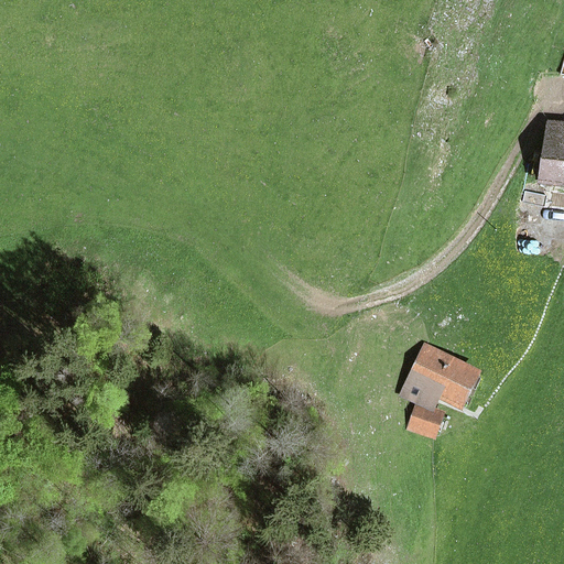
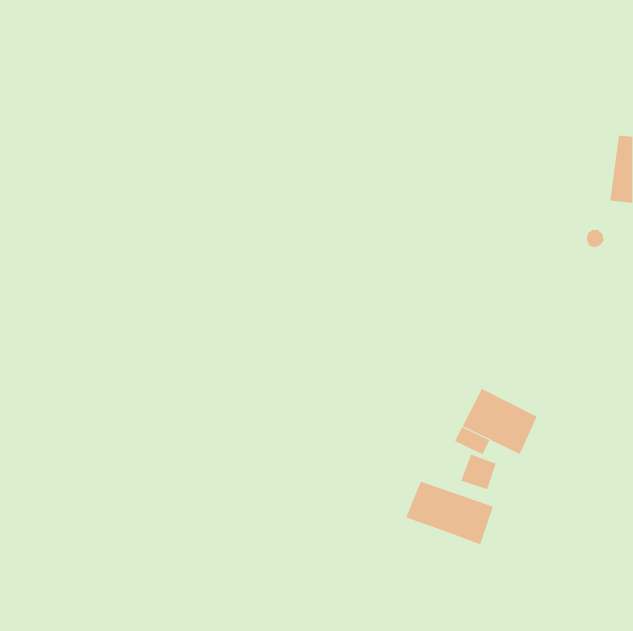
building: none -> [405,481,494,545]

